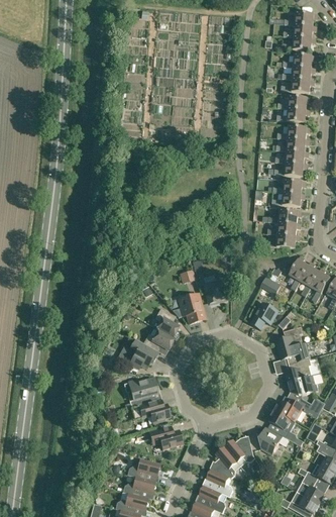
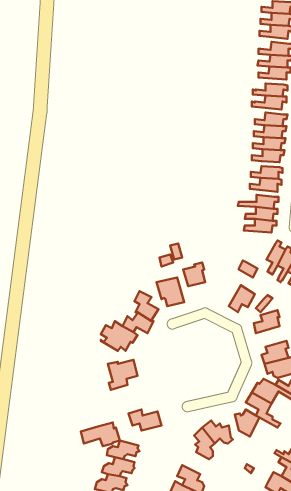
building: [277,342,309,364] -> none
building: [130,398,170,422] -> [81,422,120,446]
building: [205,468,232,497] -> none

